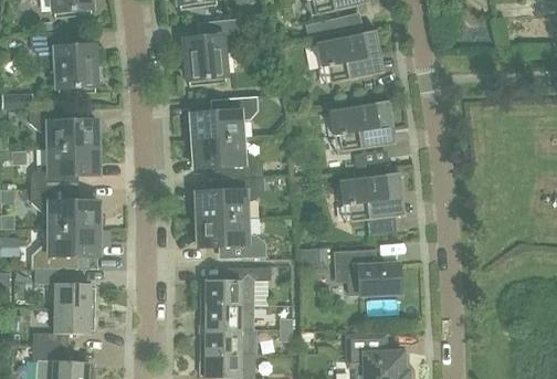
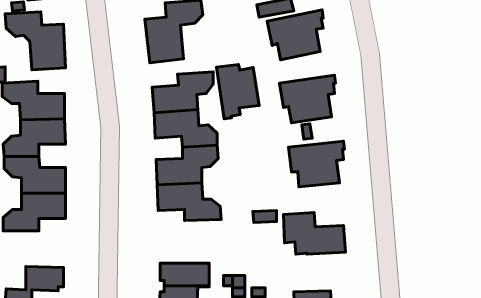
building: none -> [217,64,259,119]
building: [200,266,271,304] -> none
building: [34,269,95,308] -> none

